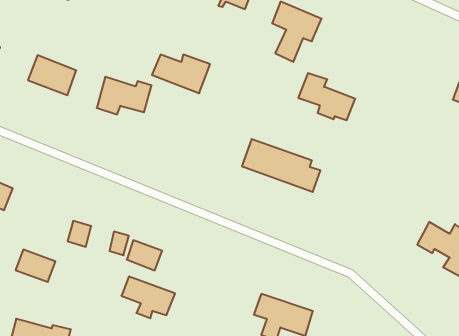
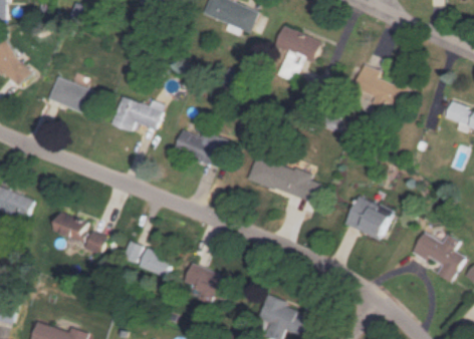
building: [152,55,210,93] -> [174,130,228,166]
building: [298,73,355,120] -> [353,65,407,109]
building: none -> [343,196,392,240]
building: [16,250,55,282] -> [52,212,89,242]
building: [121,276,175,318] -> [183,265,233,304]

